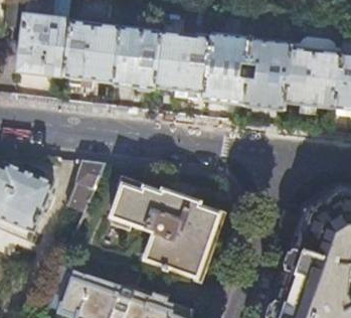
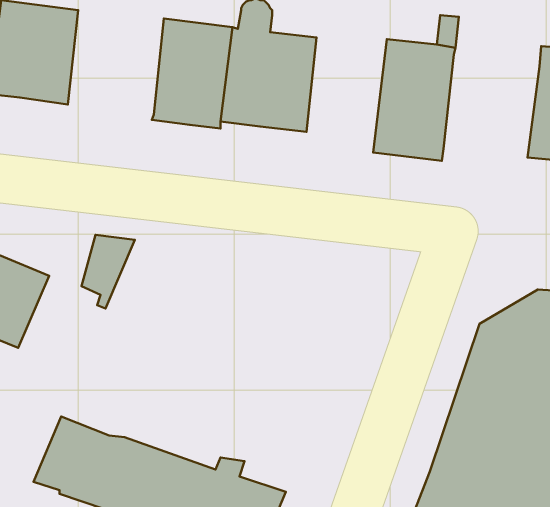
building: [64,22,121,84] -> none
building: [203,34,251,106] -> none
building: [285,48,341,110] -> none
building: [110,179,219,273] -> none

